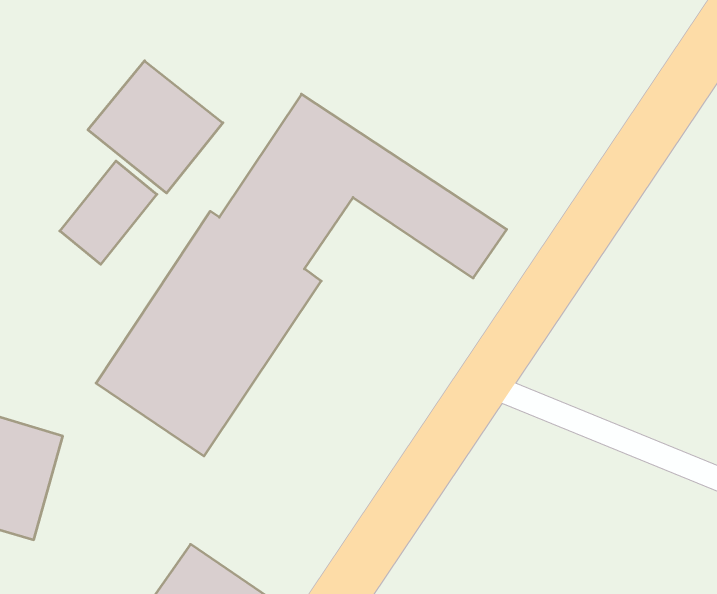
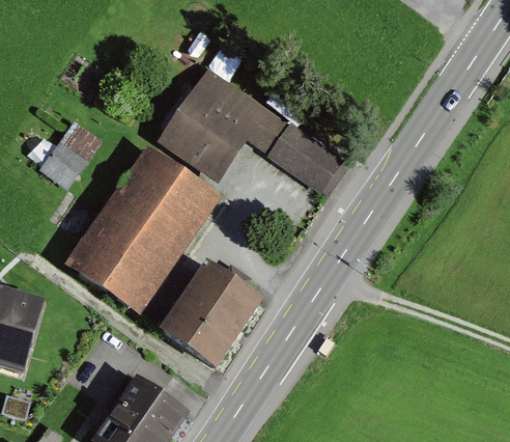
building: [88,61,223,193] -> none
building: none -> [161,260,259,362]

